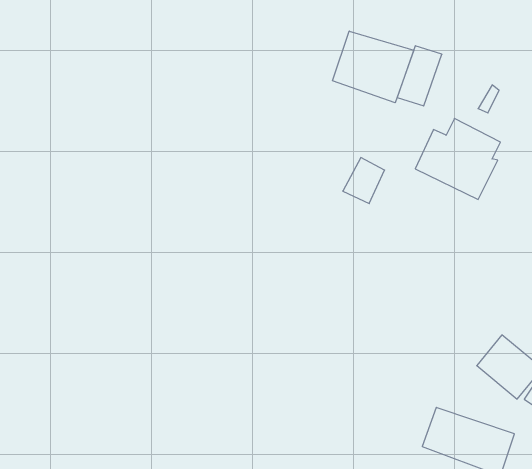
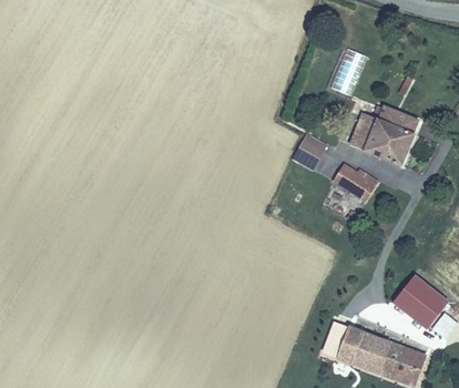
building: [332,31,414,103] -> none
building: none -> [332,163,377,204]
building: none -> [323,324,365,364]

